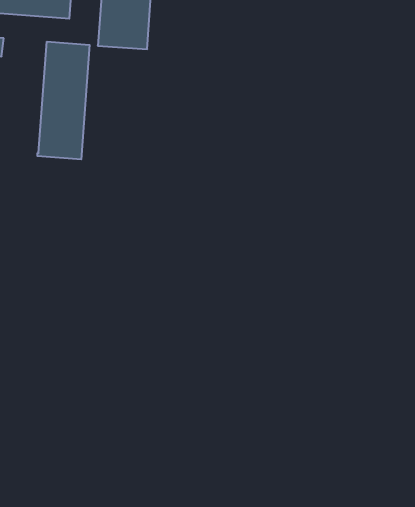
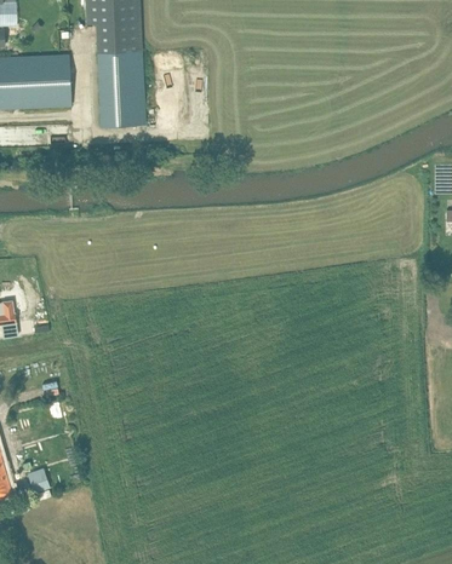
building: [37,42,90,159] -> none

